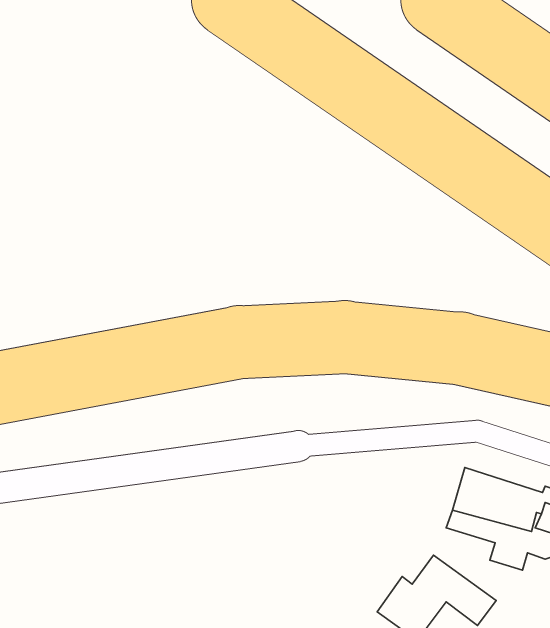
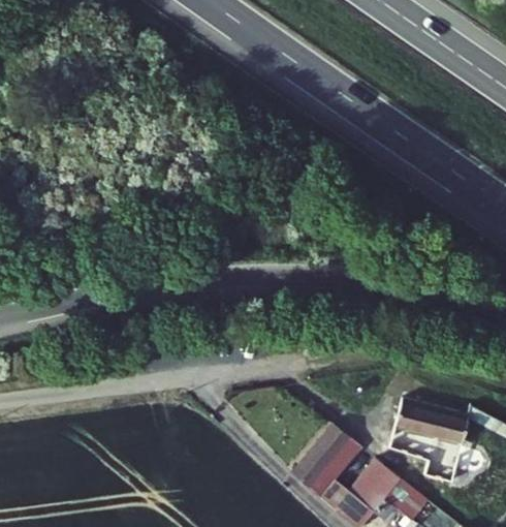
building: none -> [296,433,362,510]

